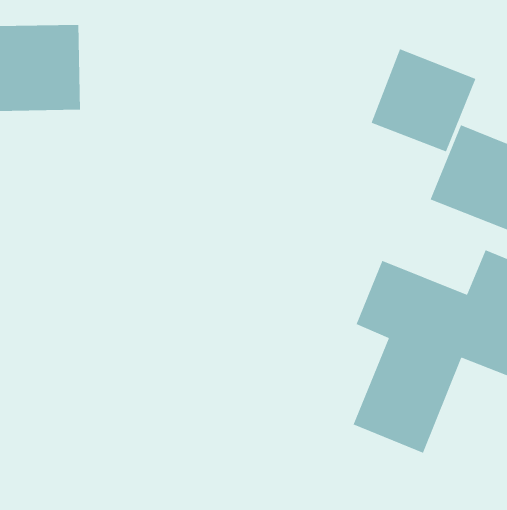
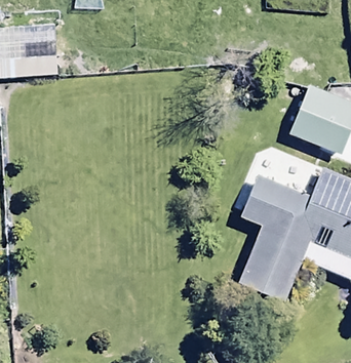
building: [371,48,476,153] -> none

